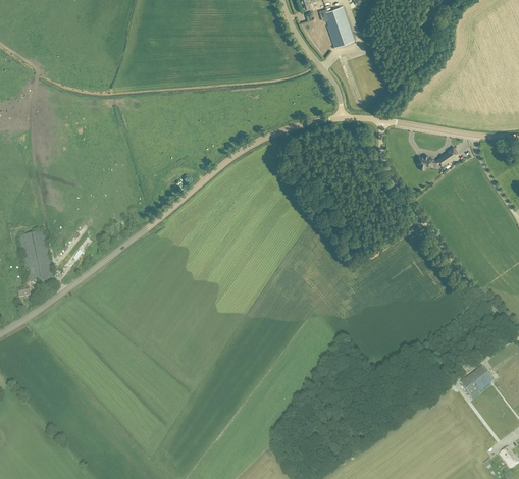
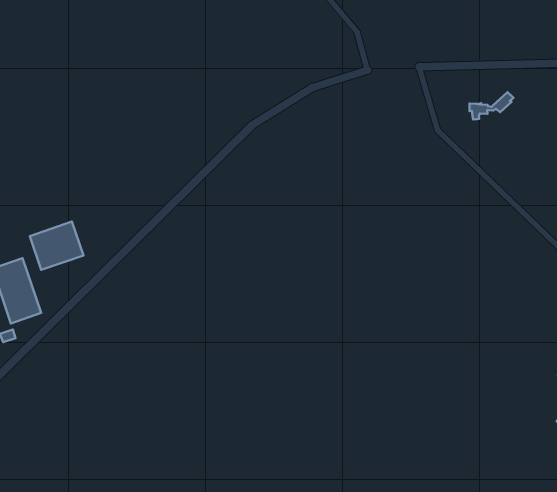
building: none -> [30,222,83,270]

